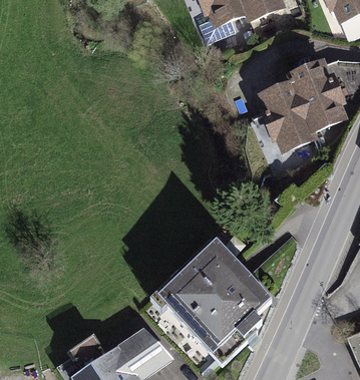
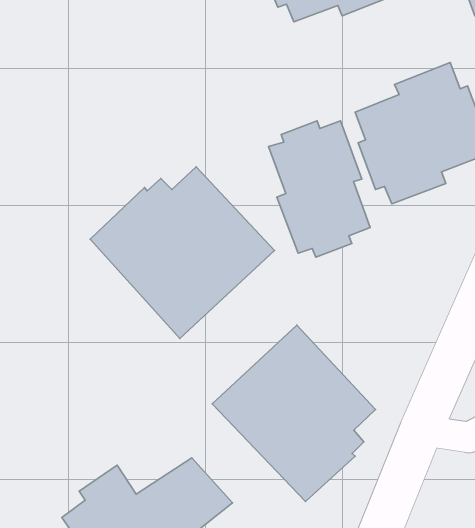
building: none -> [268,121,370,257]
building: none -> [90,167,274,338]

